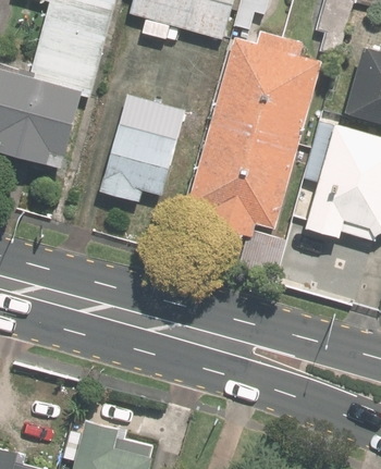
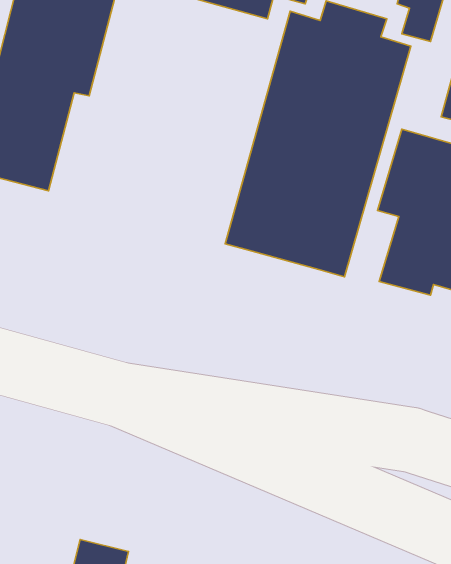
building: [100,94,187,202] -> none

